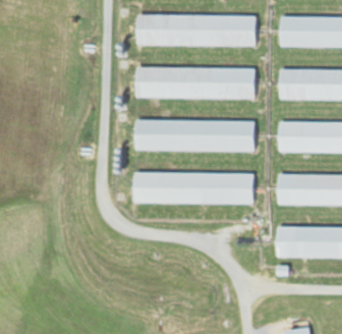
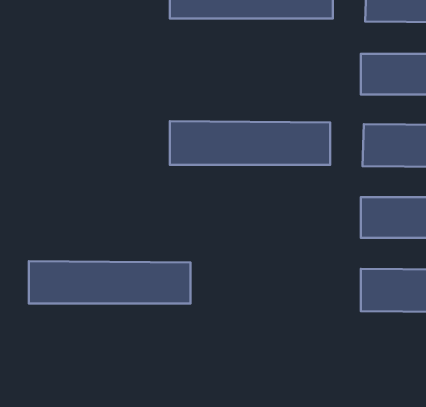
building: [136,67,253,98] -> none
building: [135,172,252,203] -> [29,261,191,303]

